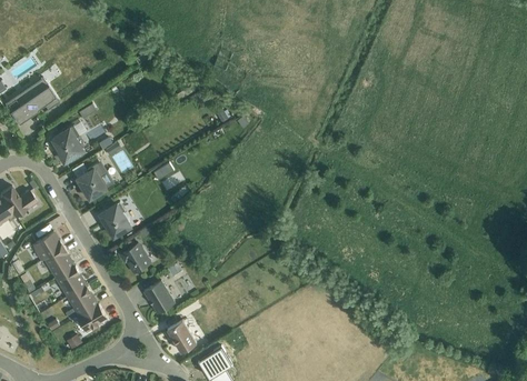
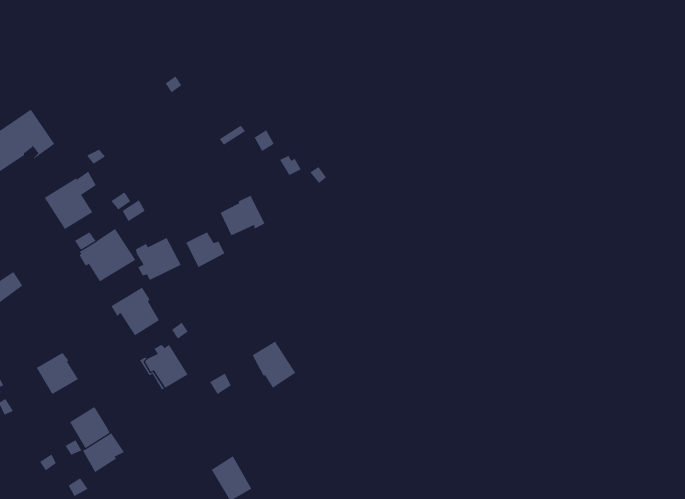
building: none -> [220,195,265,236]
building: none -> [135,237,181,281]
building: [31,232,63,261] -> none
building: [56,265,86,297] -> none
building: [143,281,175,314] -> [252,341,296,389]

